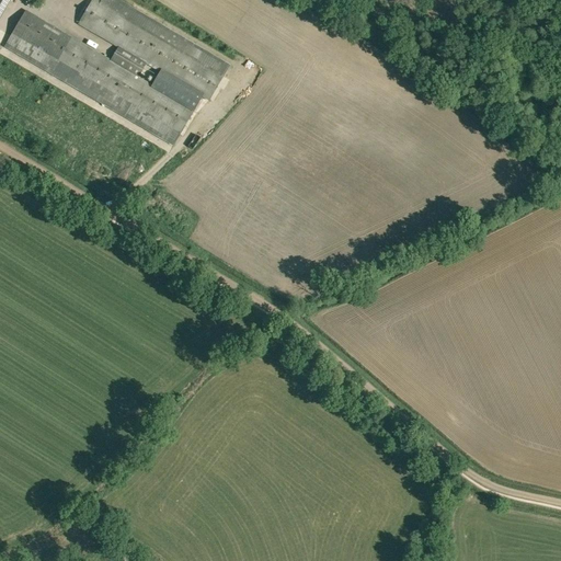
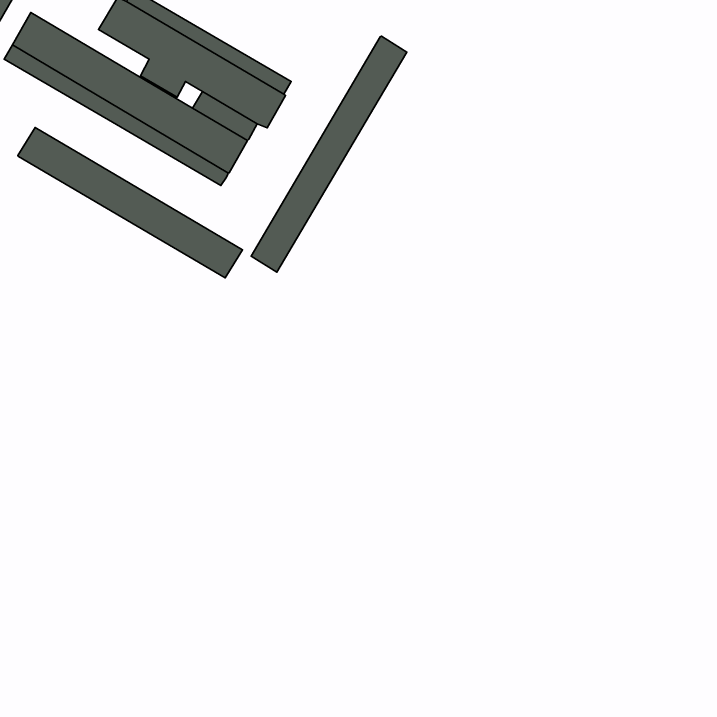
building: none -> [251,36,407,272]
building: none -> [18,127,243,278]

